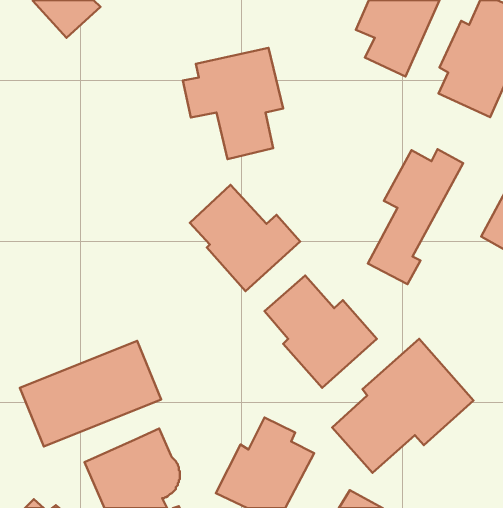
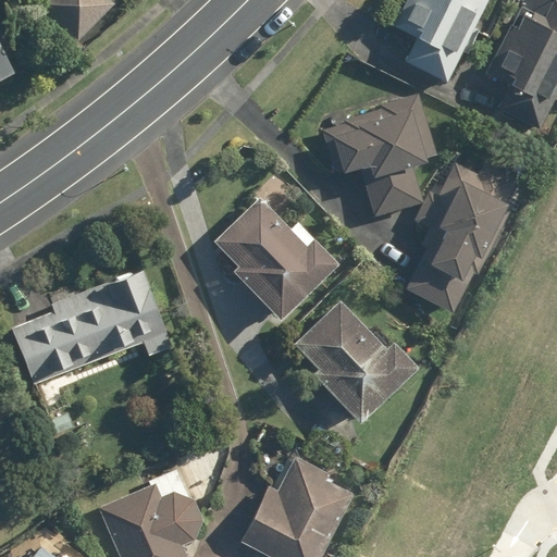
building: [183,48,283,159] -> [326,96,436,218]
building: [332,339,473,473] -> none
building: [20,341,161,446] -> [16,265,171,381]

